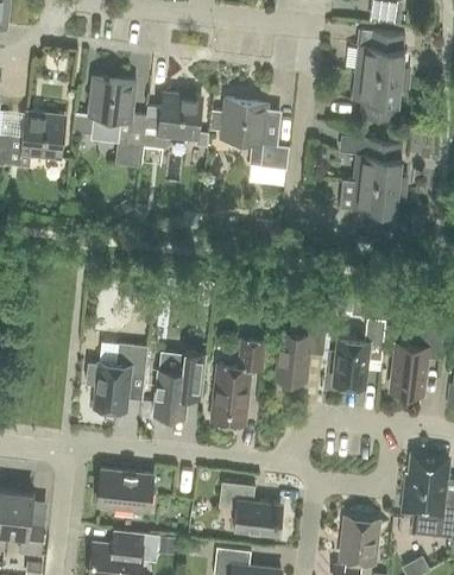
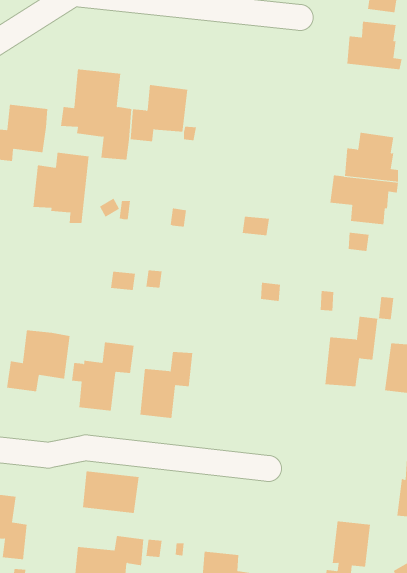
building: [352,72,408,121] -> none
building: [209,100,290,169] -> none
building: none -> [33,152,89,224]
building: [276,317,327,381] -> none
building: none -> [6,329,70,392]
building: [212,339,265,425] -> none
building: [219,482,279,536] -> none

